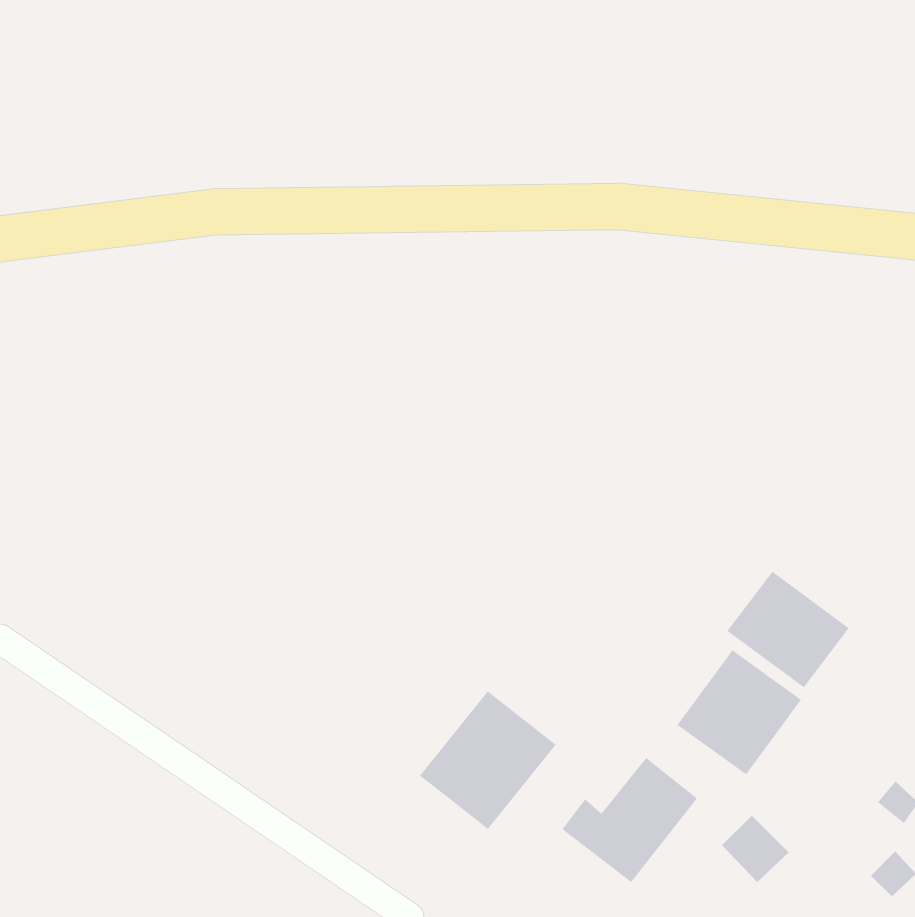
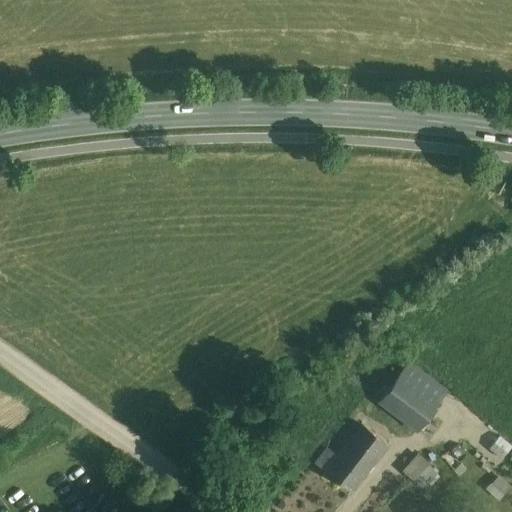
building: [727,571,850,688] -> none
building: [419,690,556,830] -> none

